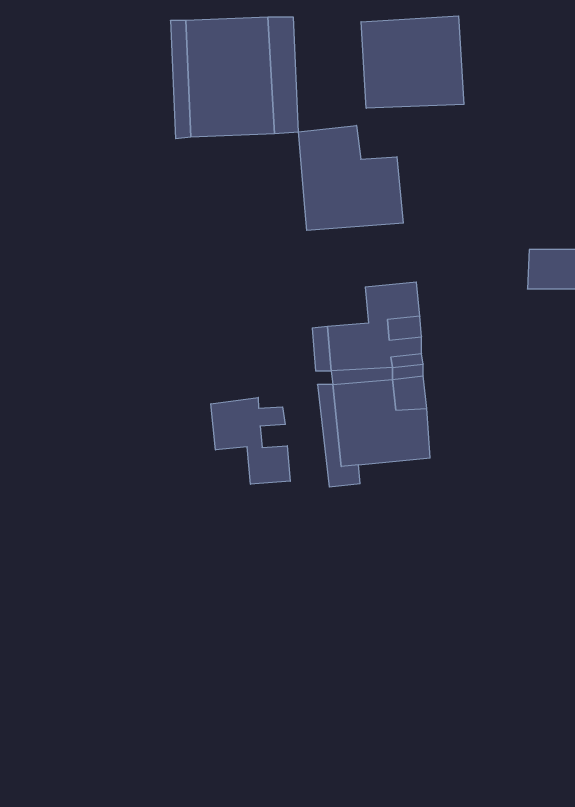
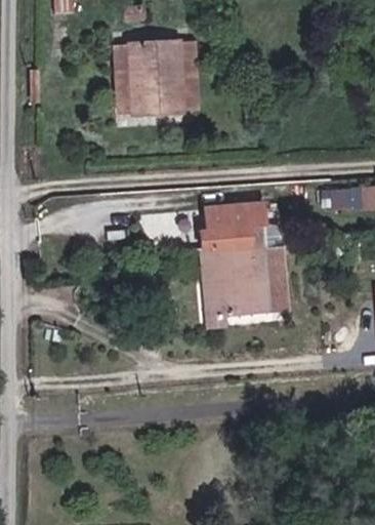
building: [361,16,464,108] -> none
building: [299,125,403,230] -> none
building: [211,397,290,484] -> none

